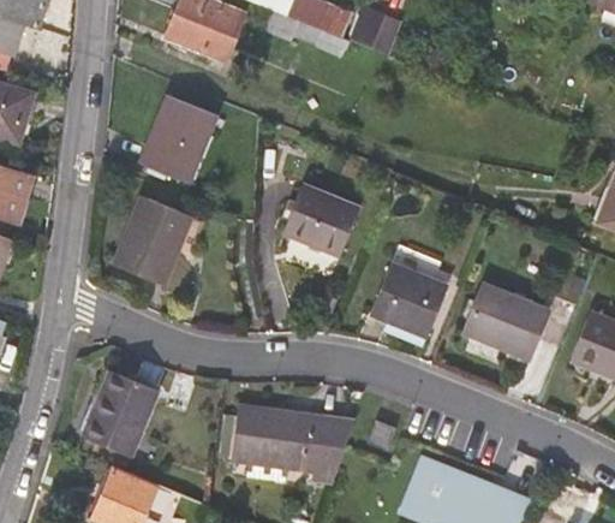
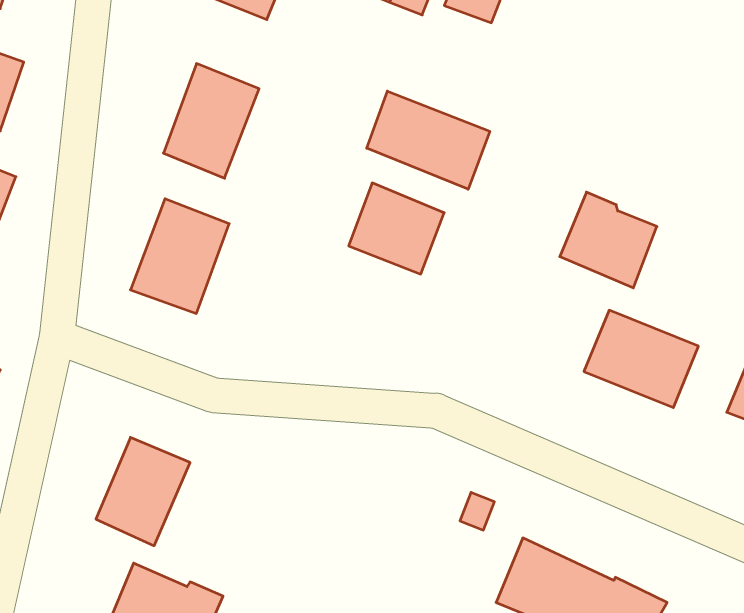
building: none -> [367,91,490,189]
building: [371,260,446,333] -> [560,192,657,288]
building: [231,403,351,473] -> none

